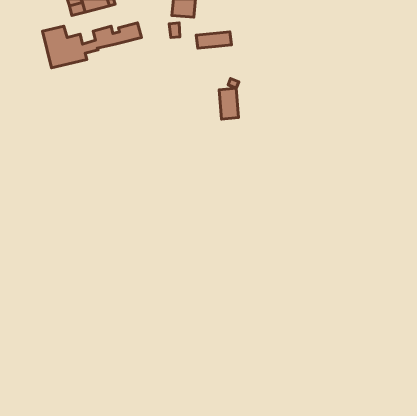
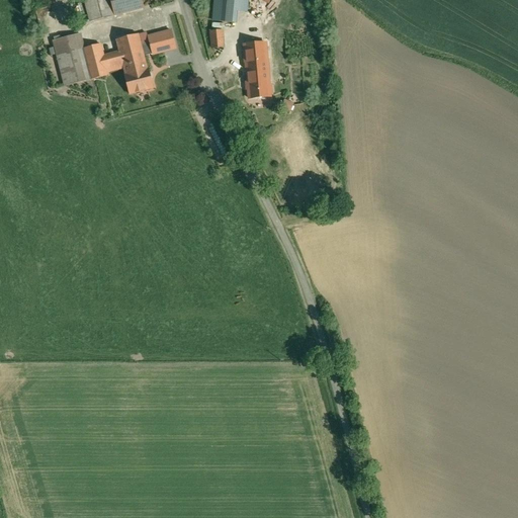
building: none -> [120,55,152,92]
building: [219,88,239,119] -> [245,58,269,96]

